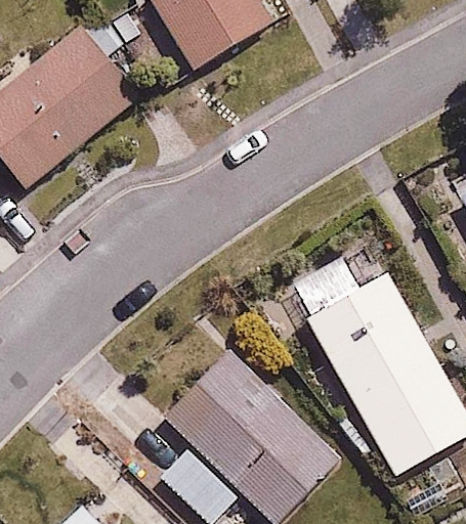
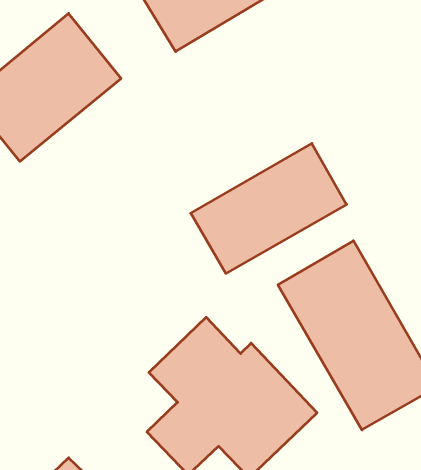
building: none -> [191,143,347,273]

